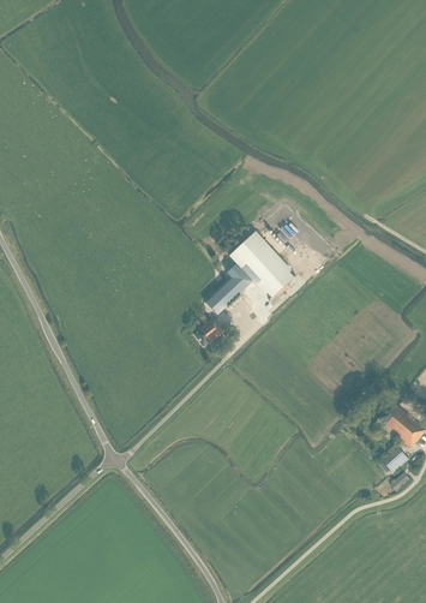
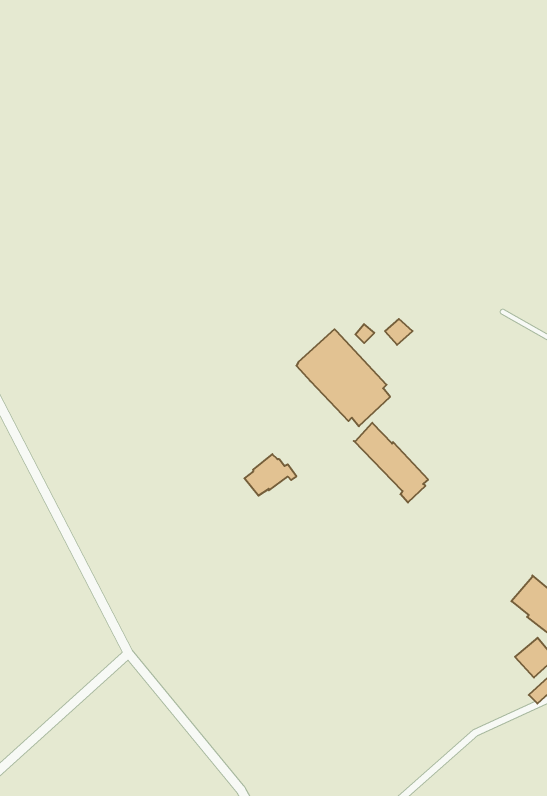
building: [204,282,238,315] -> none
building: none -> [354,423,428,503]

